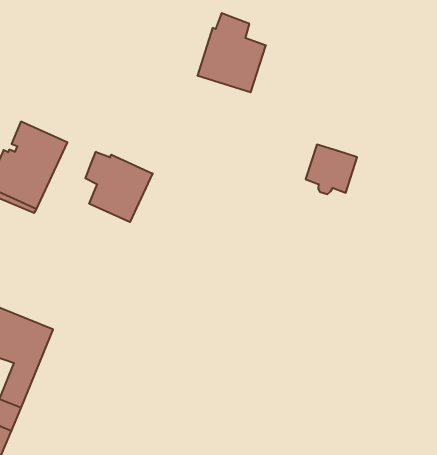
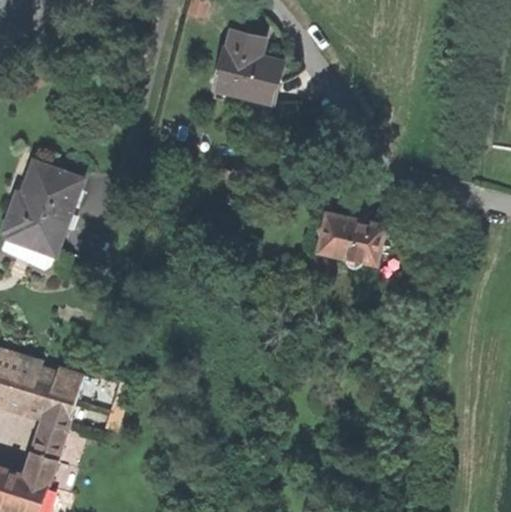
building: [306,145,357,194] -> [333,215,385,266]
building: [85,152,153,222] -> none

